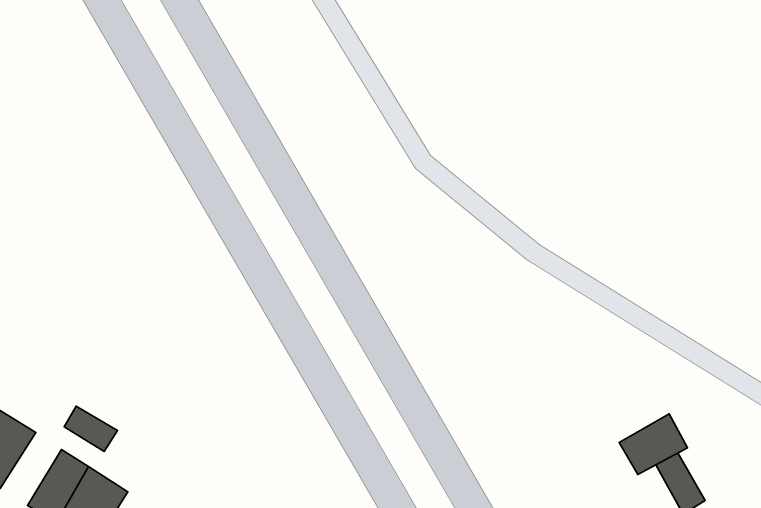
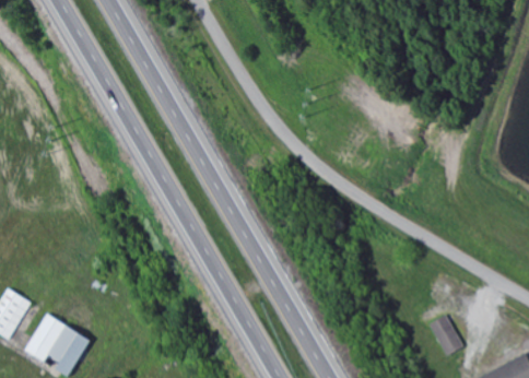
building: [64,406,118,451] -> none
building: [619,414,688,474] -> none

